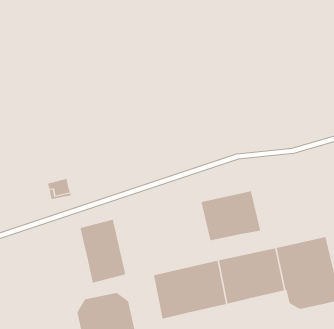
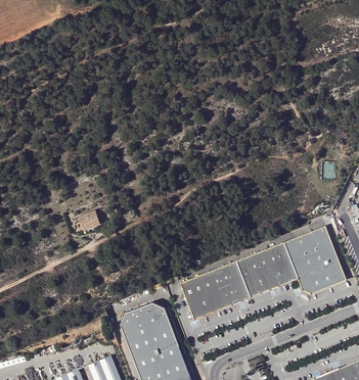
building: [201,191,261,241] -> none
building: [80,219,126,284] -> none

